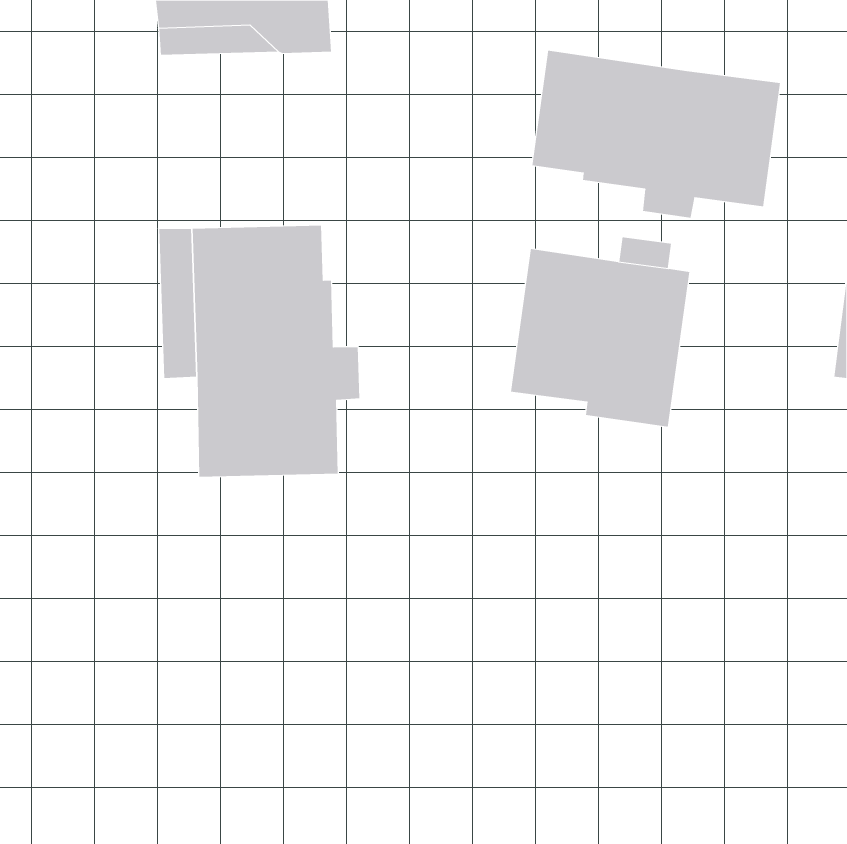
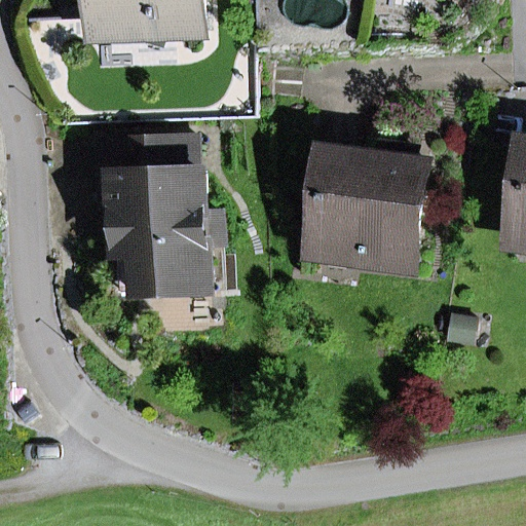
building: [532,50,781,219] -> none

